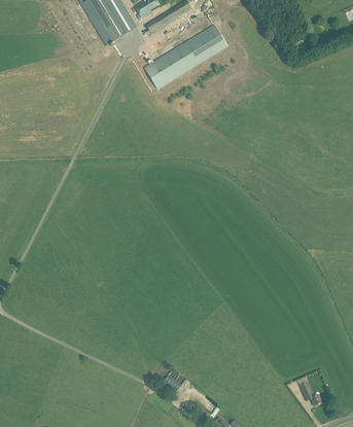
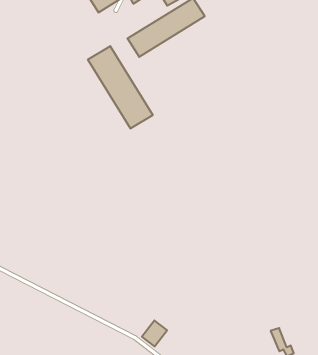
building: none -> [88,46,153,129]

